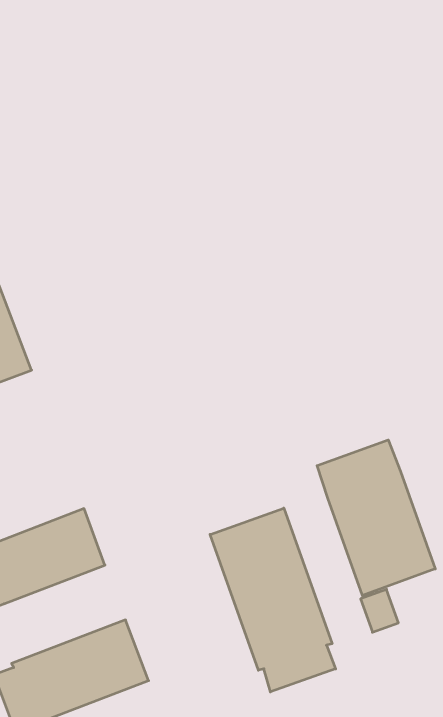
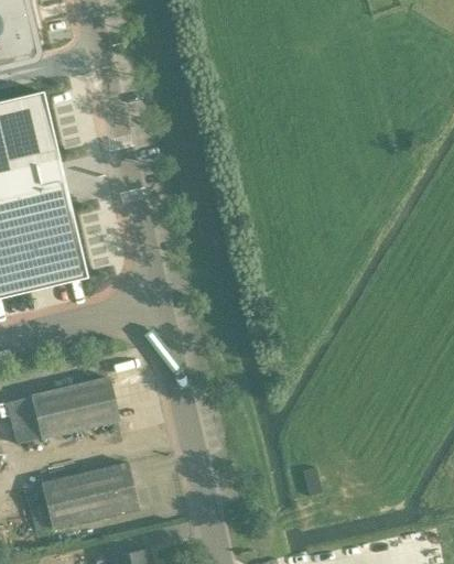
building: [317,440,435,596] -> none
building: [210,508,336,692] -> none

